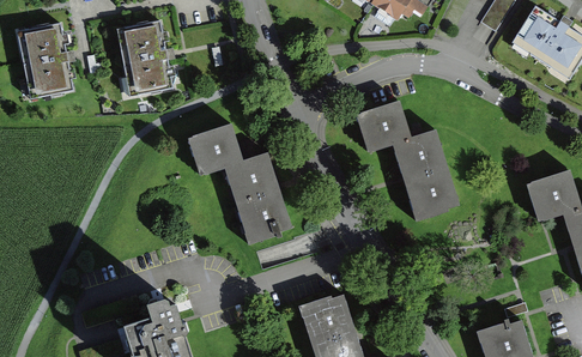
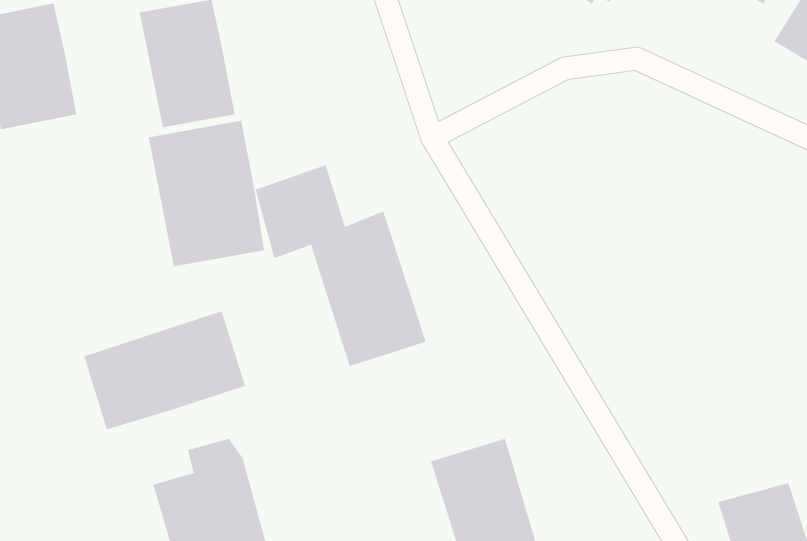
building: none -> [148,120,265,267]
building: [353,101,460,222] -> none
building: none -> [83,310,246,430]

